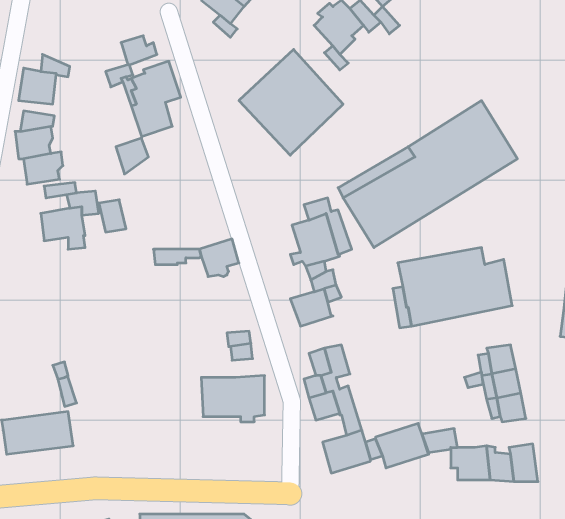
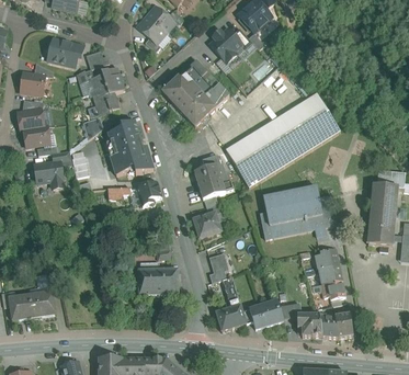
building: none -> [46,38,83,67]
building: none -> [107,122,152,174]

